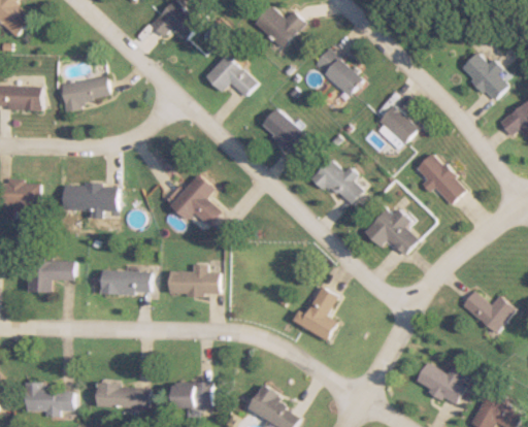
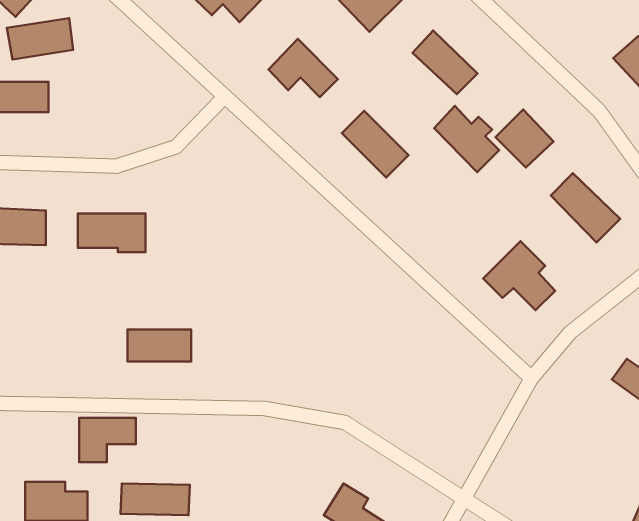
building: [60,76,109,107] -> [7,18,73,60]
building: [315,159,363,208] -> [434,106,499,172]
building: [167,173,218,225] -> none
building: [28,260,70,293] -> [79,418,136,462]
building: [168,264,216,295] -> none
building: [291,287,337,341] -> none
building: [416,363,465,404] -> none
building: [172,384,209,407] -> none

